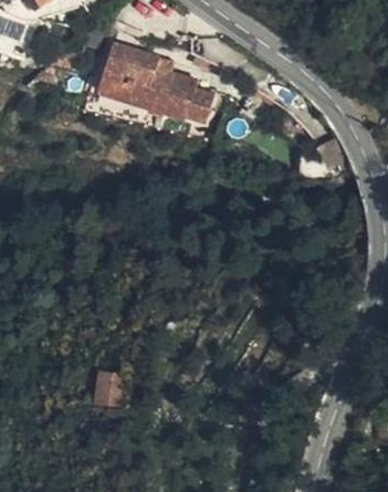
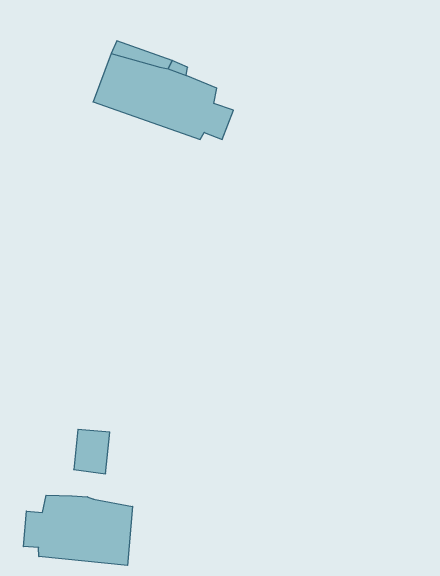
building: none -> [23,495,133,565]

